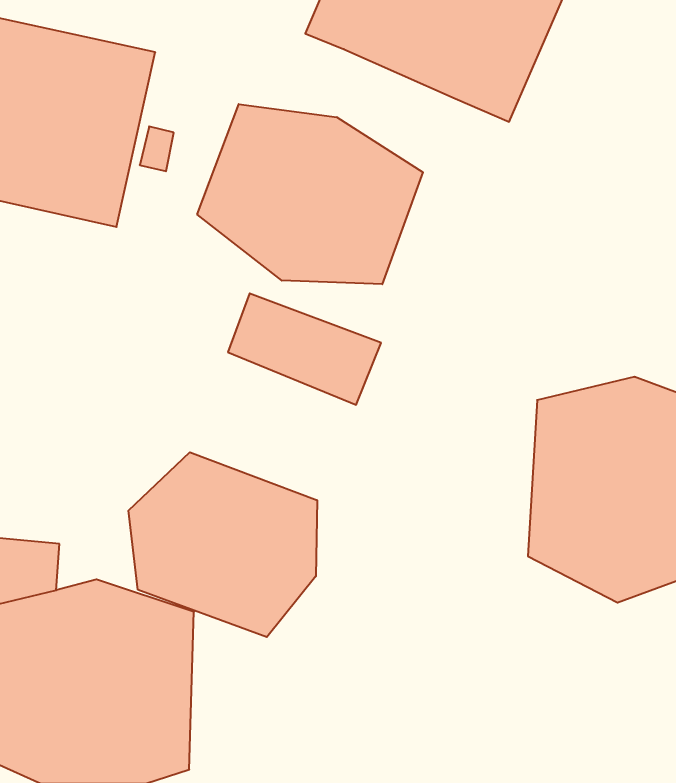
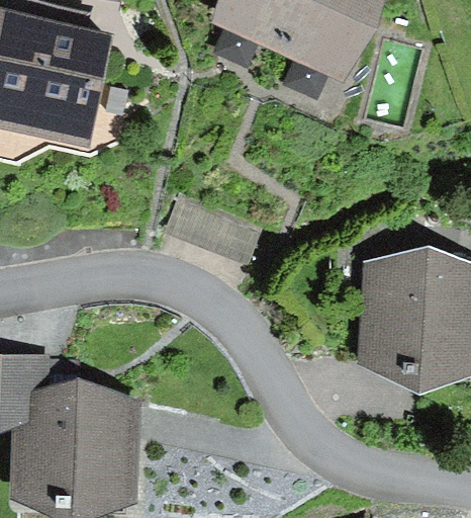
building: [197,104,423,284] -> none
building: [129,452,317,637] -> none

